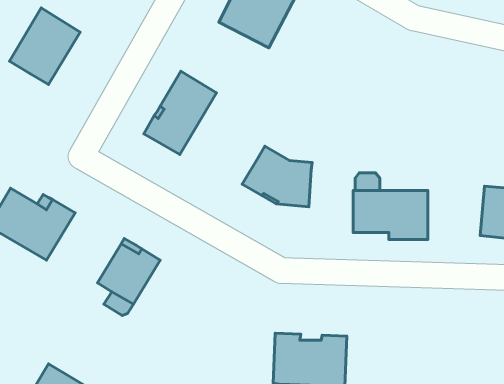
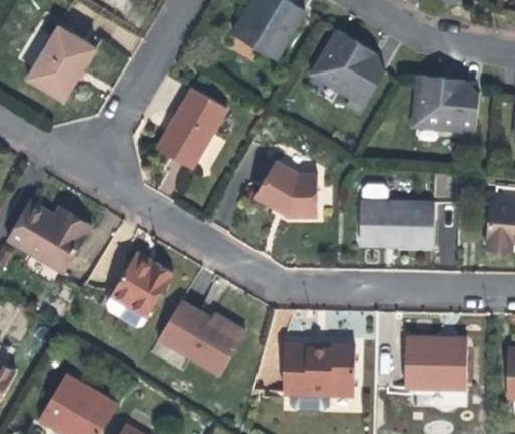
building: none -> [307,30,390,110]
building: none -> [414,76,478,141]
building: none -> [158,299,247,375]
building: none -> [404,336,466,388]

